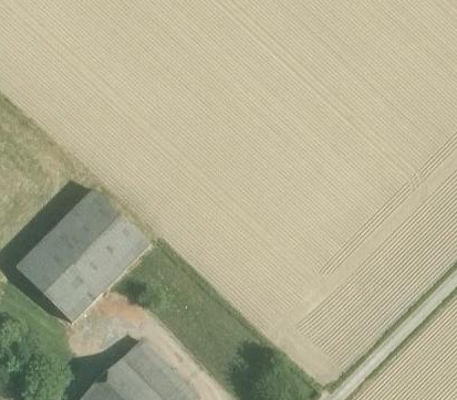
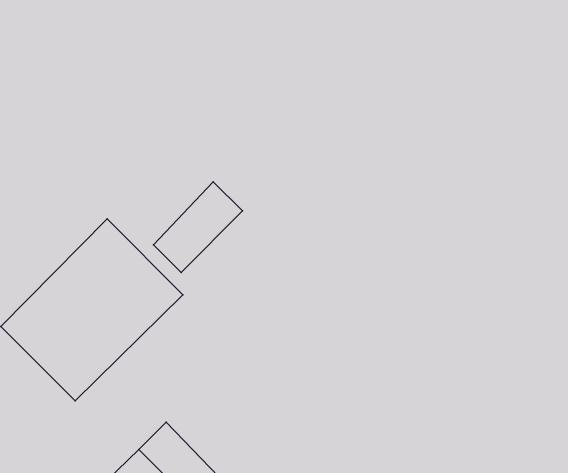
building: none -> [153,182,243,272]

